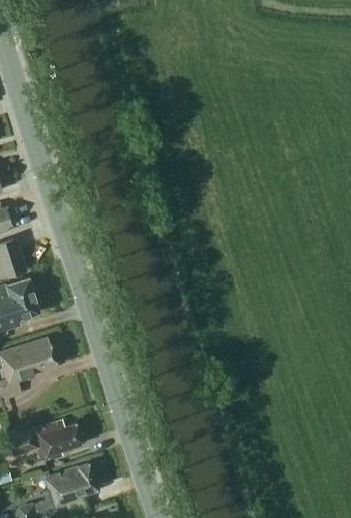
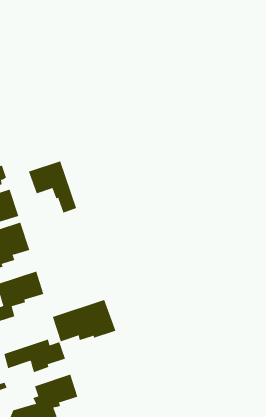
building: none -> [28,161,77,214]
building: none -> [52,299,116,342]

